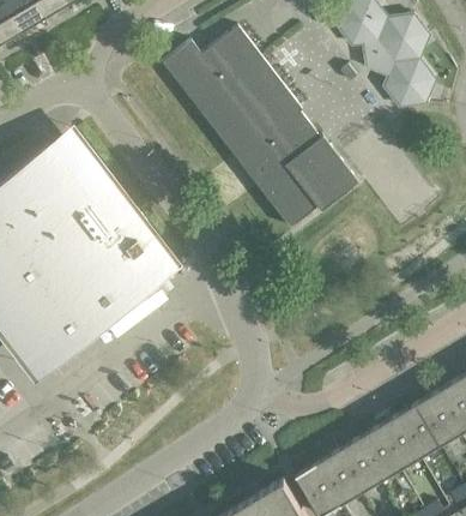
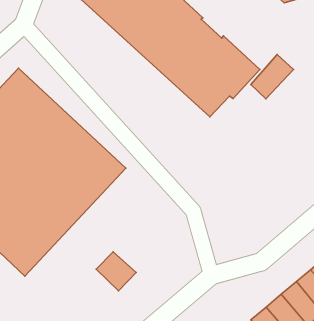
building: none -> [251,55,293,99]
building: none -> [96,252,136,291]

